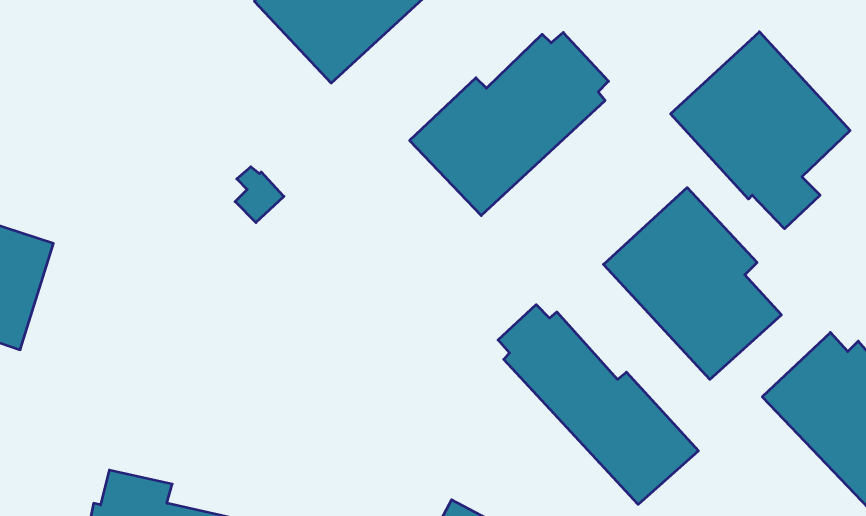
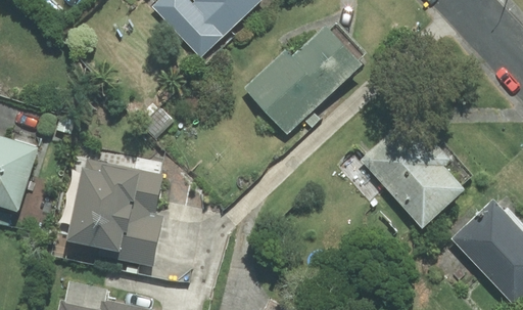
building: [671,32,850,229] -> none
building: none -> [66,160,161,266]
building: [498,305,698,504] -> none

